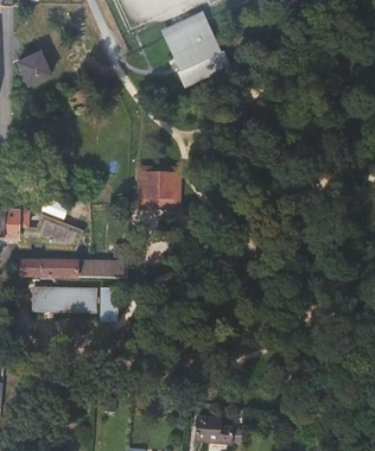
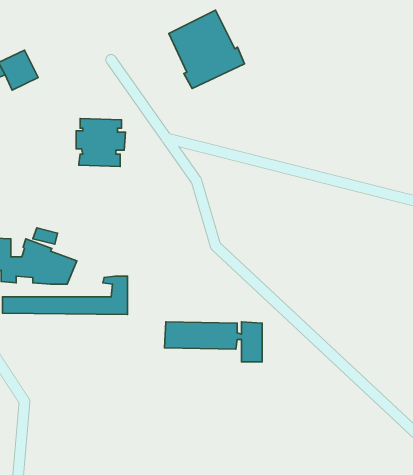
building: [138,166,180,208] -> [76,118,126,167]
building: [33,287,117,322] -> [164,322,262,362]

